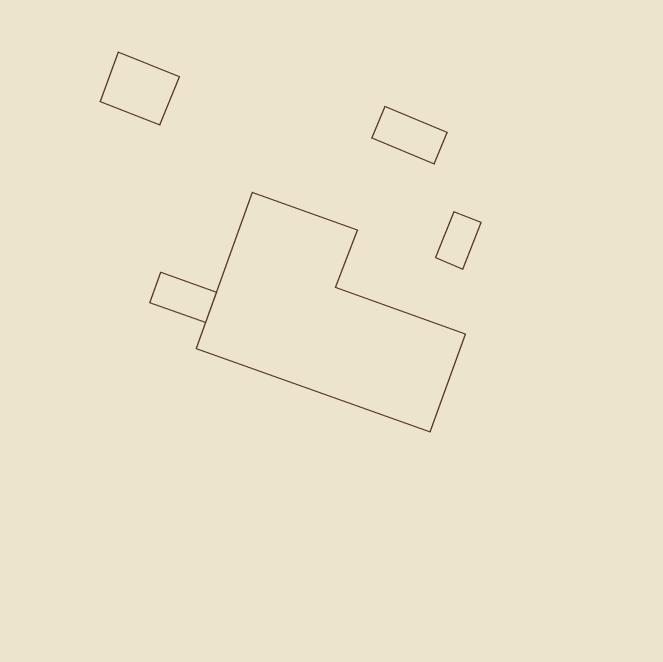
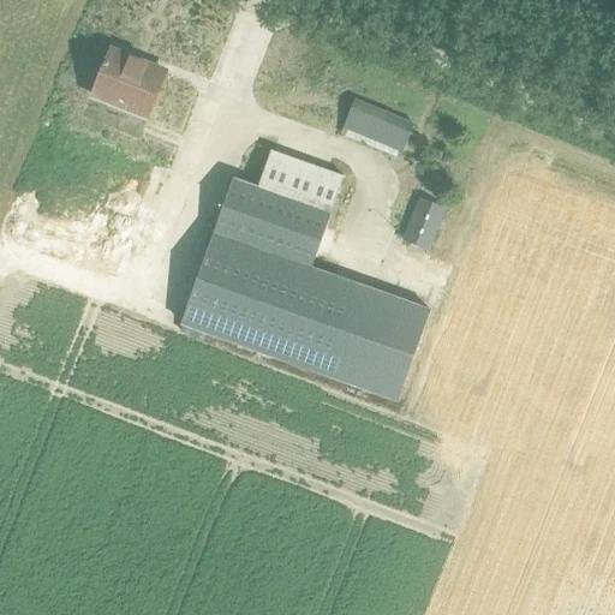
building: none -> [258,149,344,213]
building: [150,272,216,323] -> none

